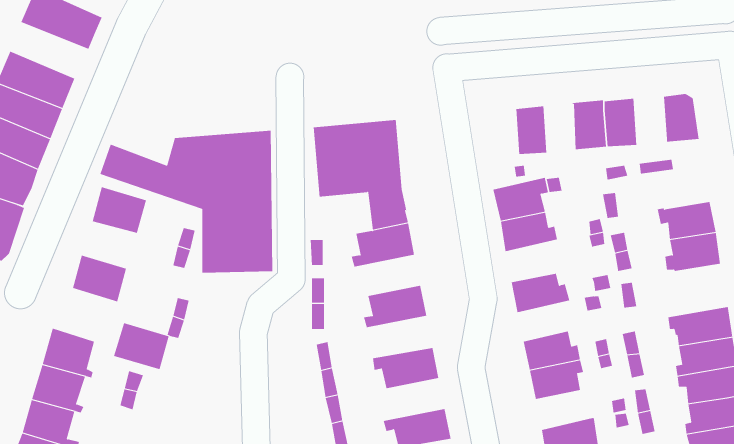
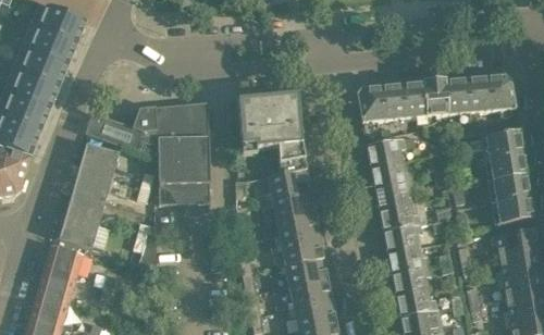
building: none -> [21,24,77,64]
building: none -> [467,77,490,112]
building: none -> [403,83,424,117]
building: none -> [356,86,384,121]
building: none -> [480,131,521,158]
building: none -> [72,166,112,200]
building: none -> [374,179,413,210]
building: none -> [267,190,314,220]
building: none -> [492,197,532,224]
building: none -> [383,223,422,252]
building: none -> [275,234,323,263]
building: [113,323,169,370] -> [58,214,98,248]
building: none -> [286,278,332,309]
building: none -> [396,287,437,315]

